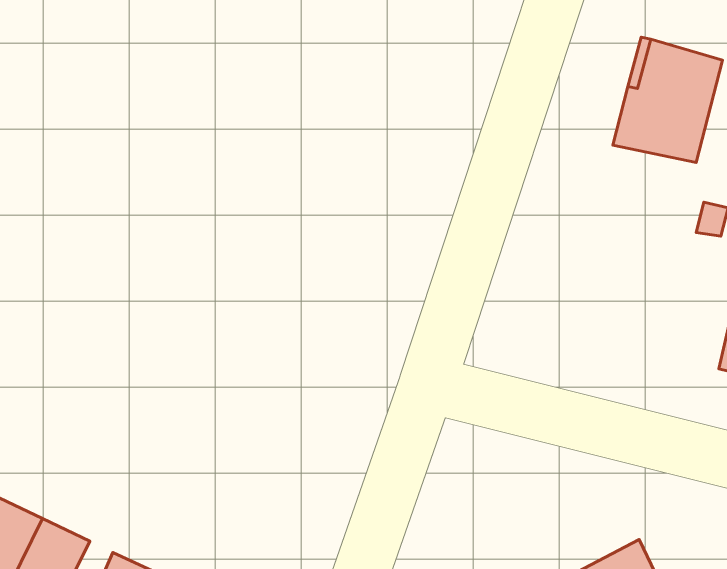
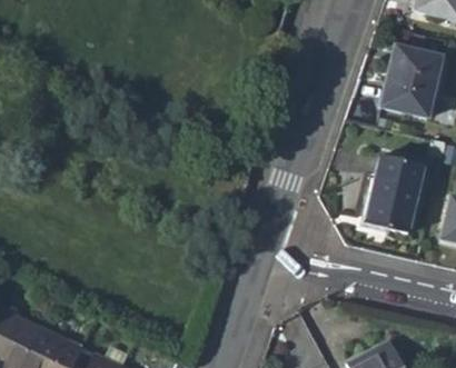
building: none -> [365,160,423,233]

